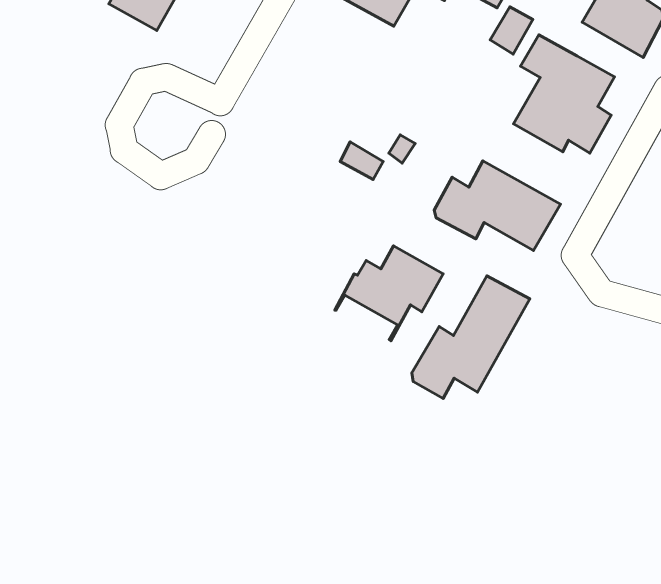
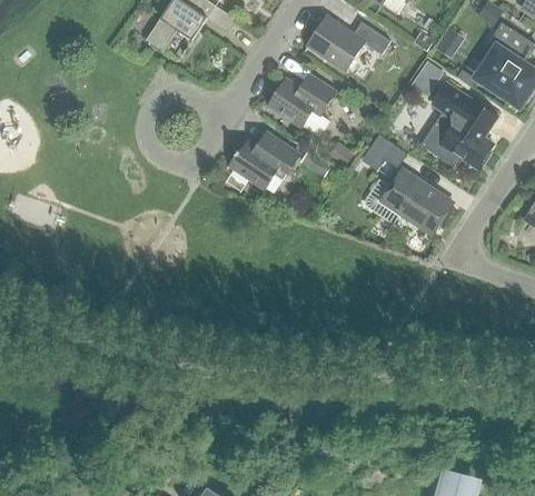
building: none -> [268,73,335,136]
building: none -> [363,133,407,168]
building: [335,246,443,341] -> [221,131,299,198]
building: [412,276,530,399] -> none

